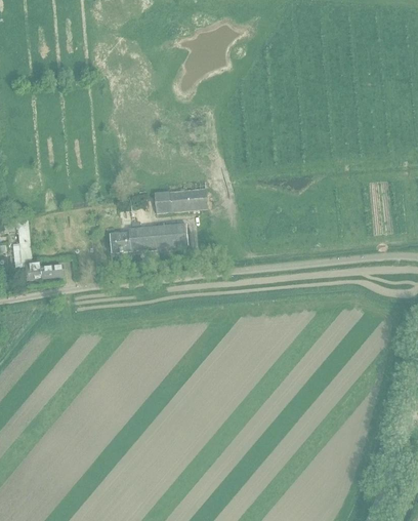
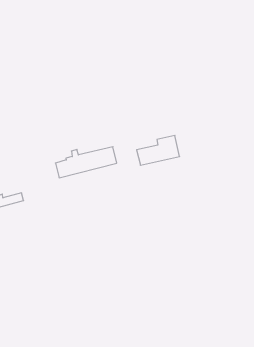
building: [154,183,207,214] -> [137,135,180,165]

